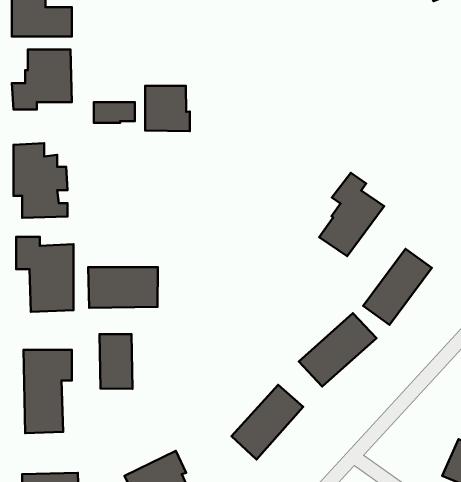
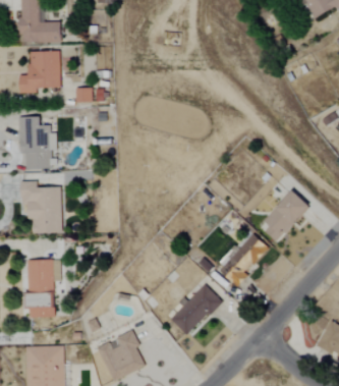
building: [145,86,190,131] -> none
building: [319,173,384,256] -> none
building: [88,267,158,308] -> none
building: [99,334,133,389] -> none

